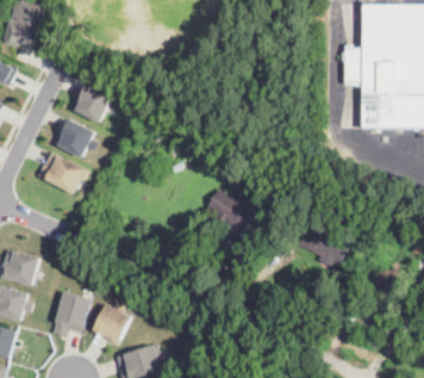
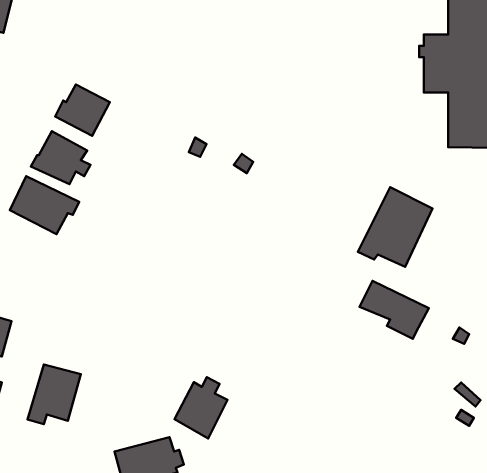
building: none -> [358,187,432,267]
building: [206,191,256,235] -> none
building: [92,298,131,343] -> [174,377,228,438]

